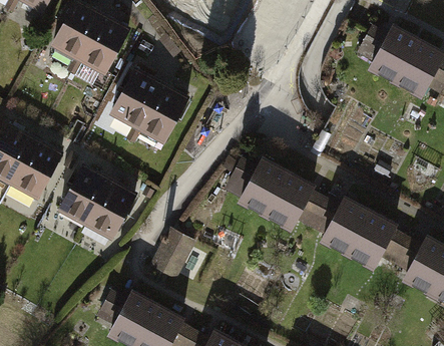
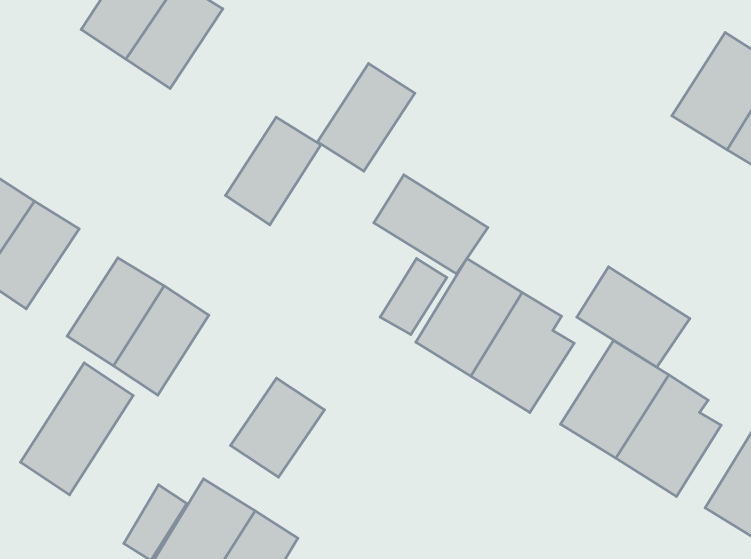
building: [108,72,158,130] -> [318,64,415,171]
building: none -> [374,175,488,274]
building: none -> [577,267,690,367]
building: none -> [21,363,133,495]

